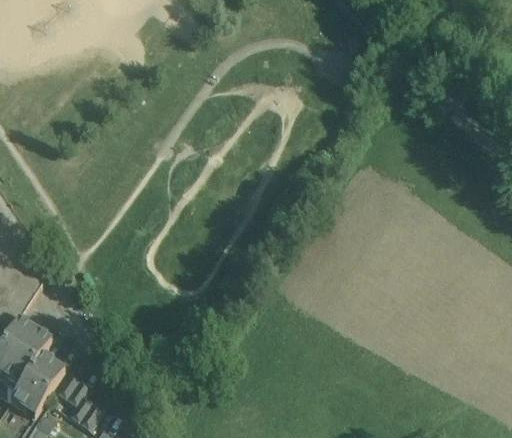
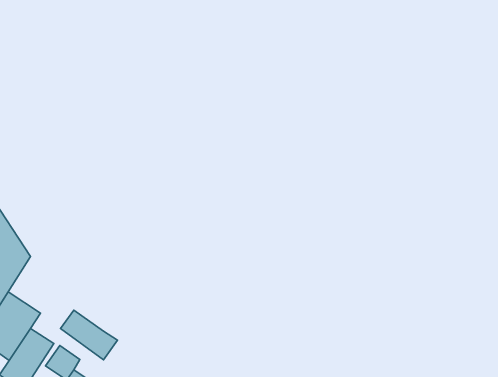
building: none -> [60,310,117,360]

